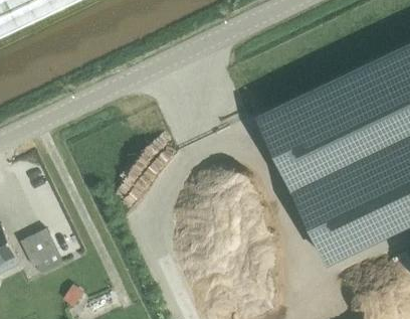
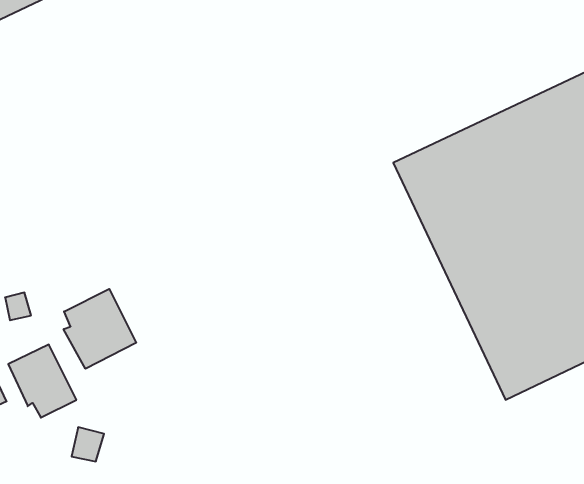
building: none -> [64,289,136,369]

